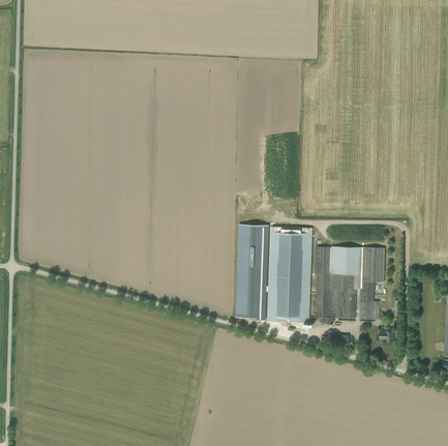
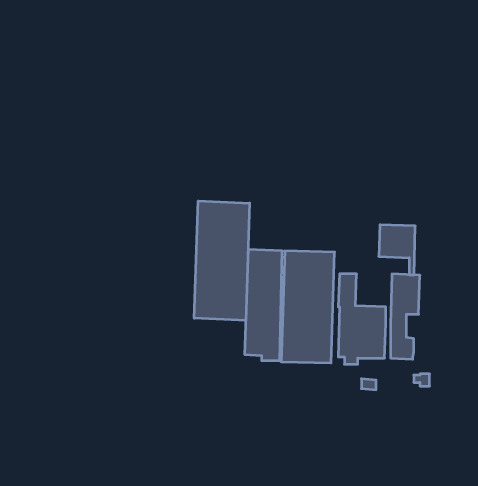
building: none -> [194,201,250,320]
building: [330,246,361,289] -> [379,225,415,275]

